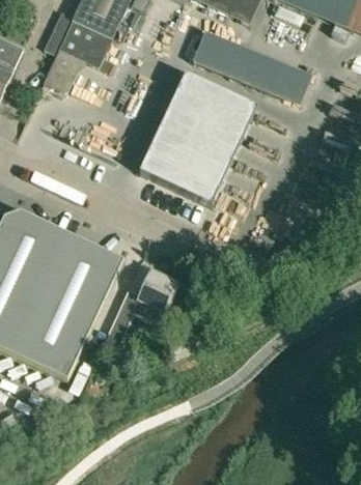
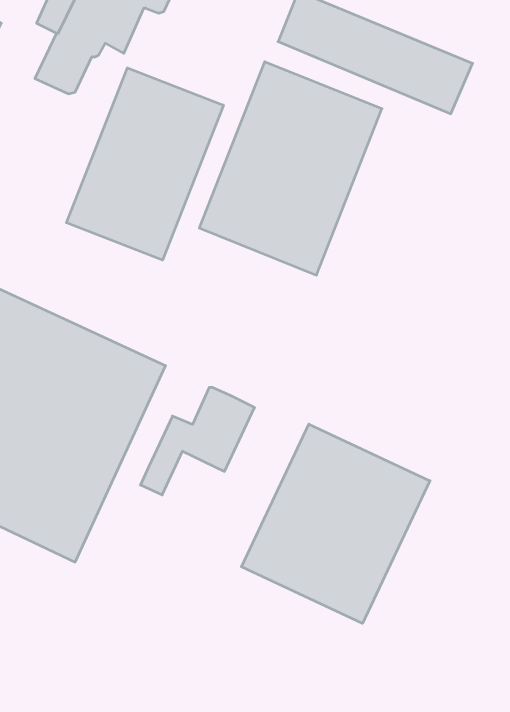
building: none -> [66,68,223,260]
building: none -> [241,424,430,623]

